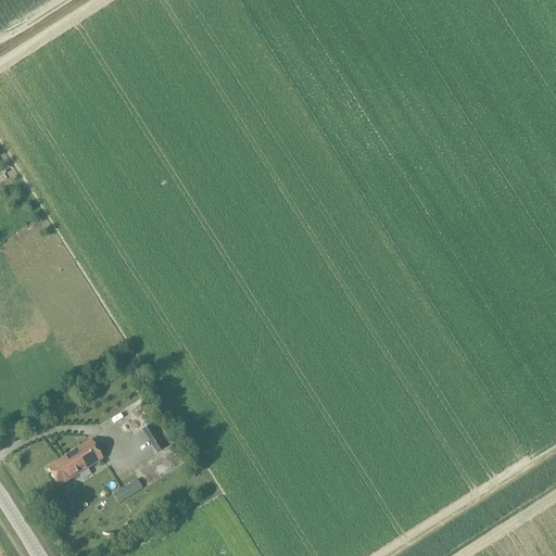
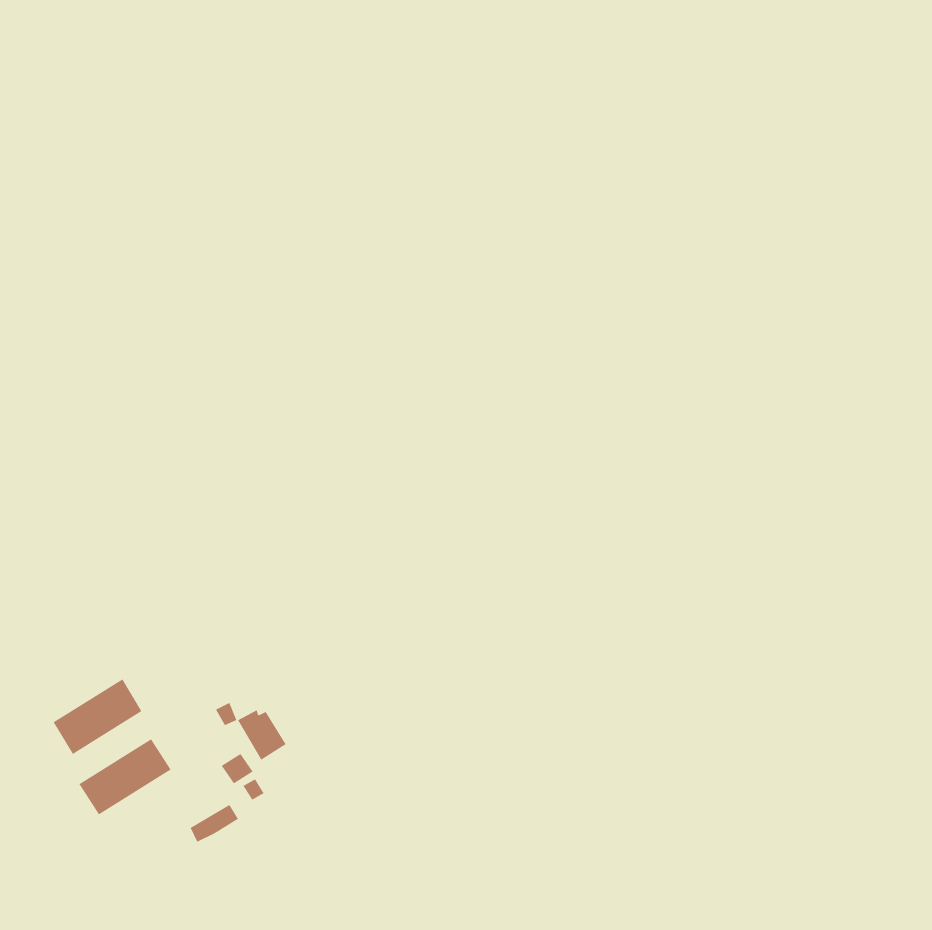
building: none -> [53,679,142,755]

